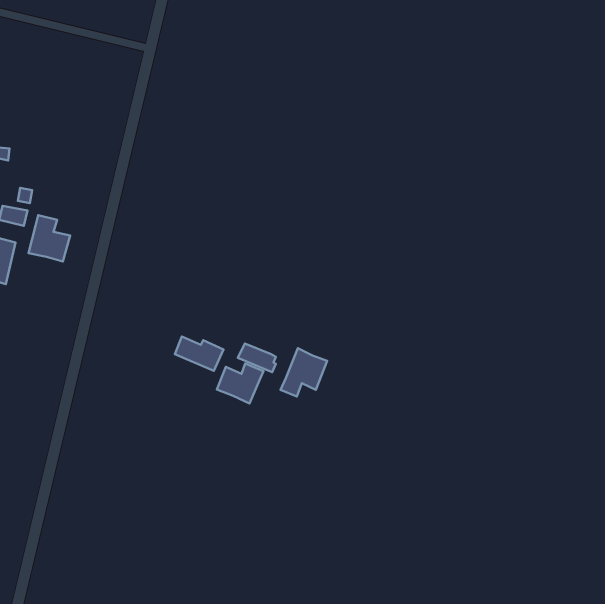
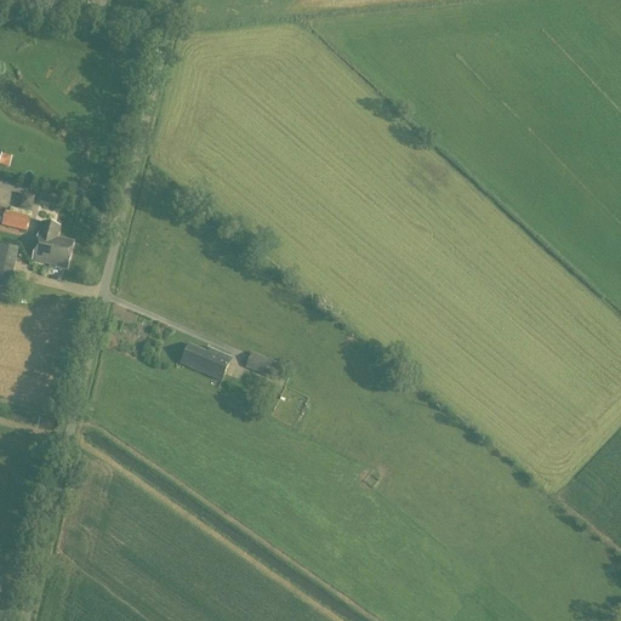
building: [281,348,327,397] -> none
building: [217,363,263,404] -> none

